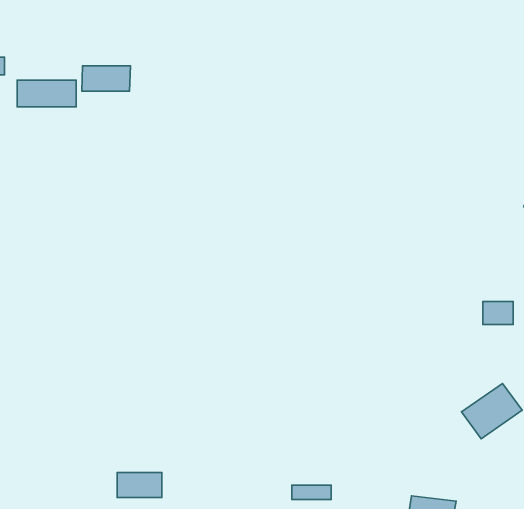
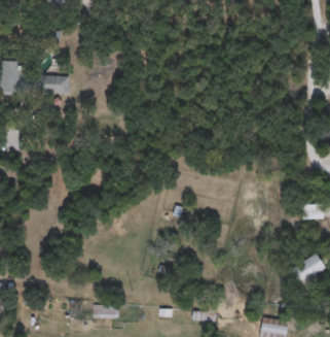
building: [82,66,130,91] -> none

